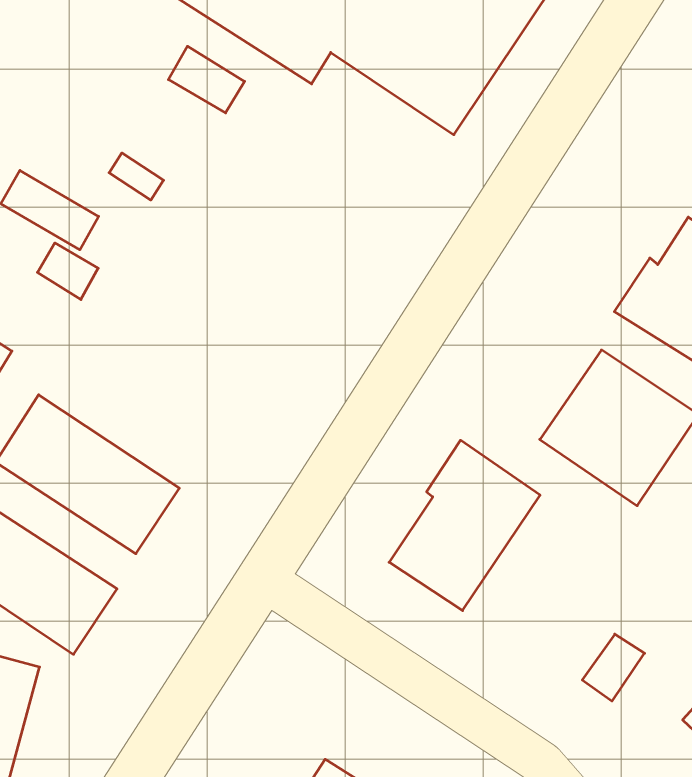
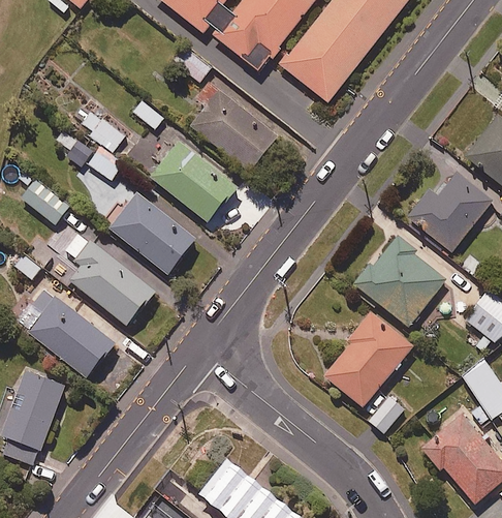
building: none -> [192,90,278,171]
building: none -> [151,141,236,221]
building: none -> [109,191,196,273]
building: [389,440,540,611] -> [324,311,412,406]

